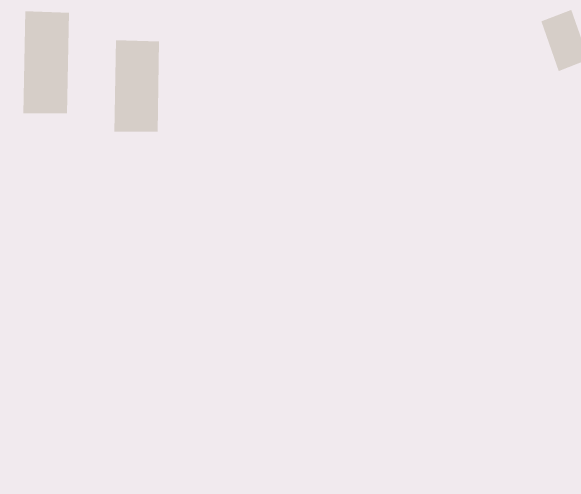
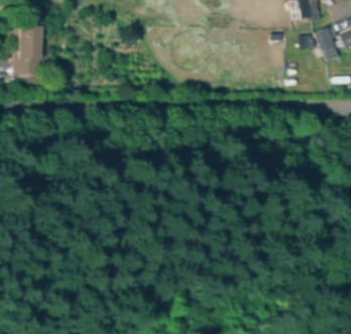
building: [114,39,160,132] -> none

